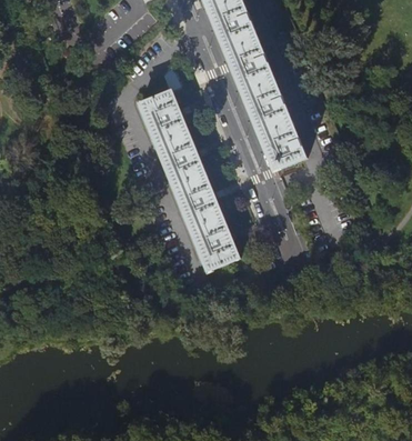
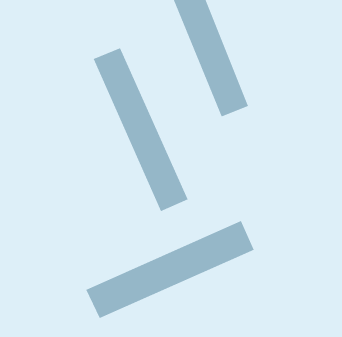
building: none -> [85,220,255,319]

